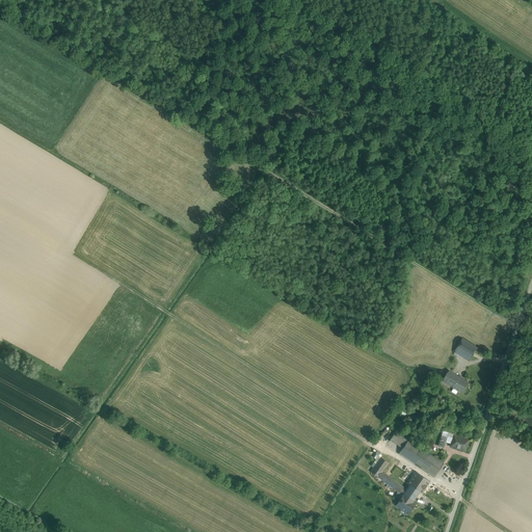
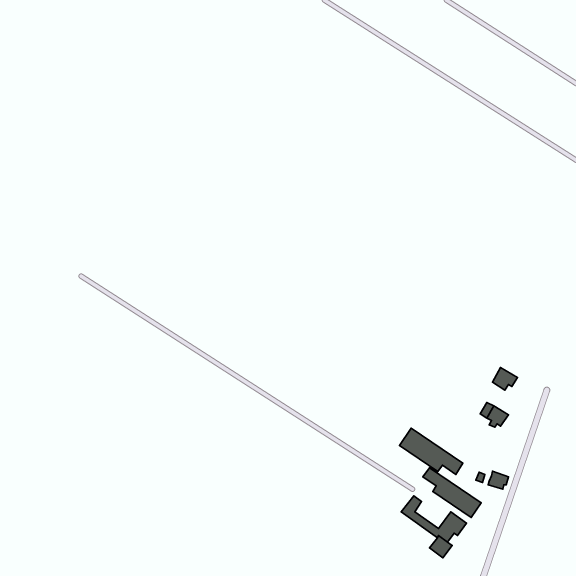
building: none -> [400,428,463,474]

